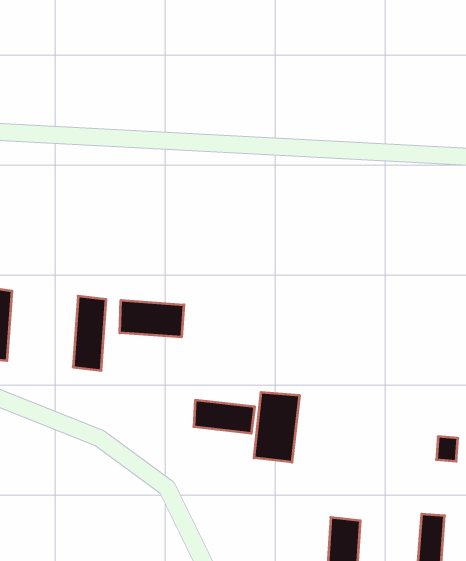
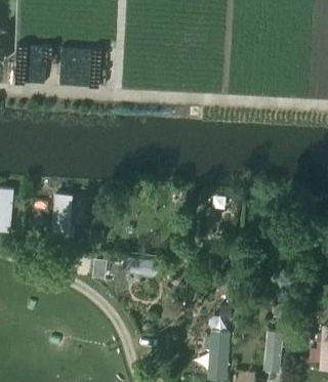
building: [120,300,184,337] -> none
building: [254,392,299,462] -> none

